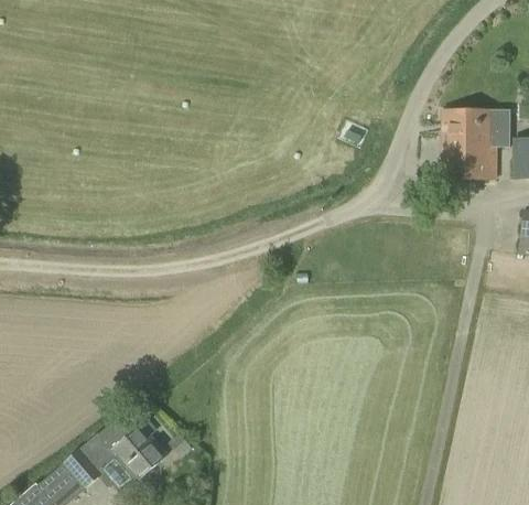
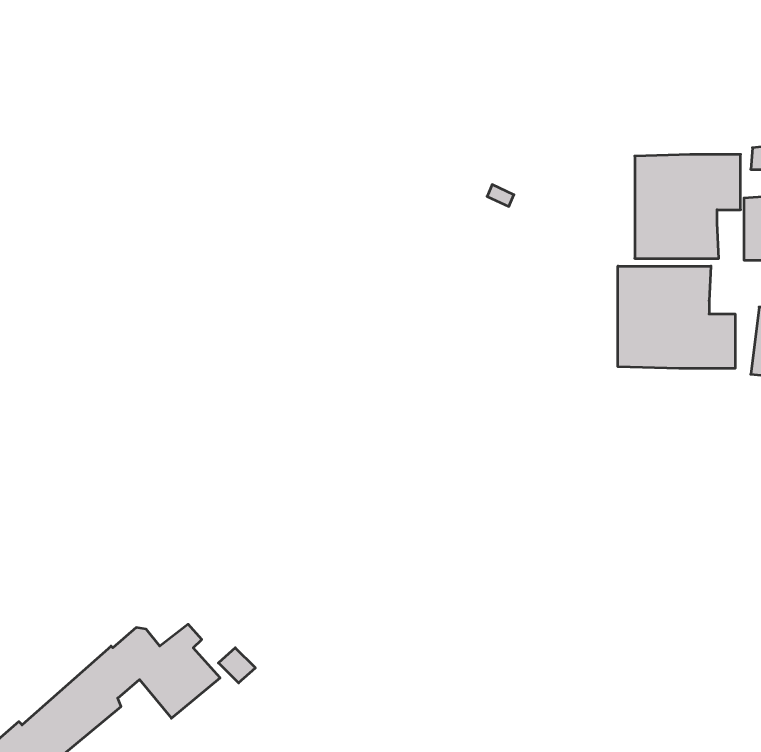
building: none -> [618,266,735,368]

